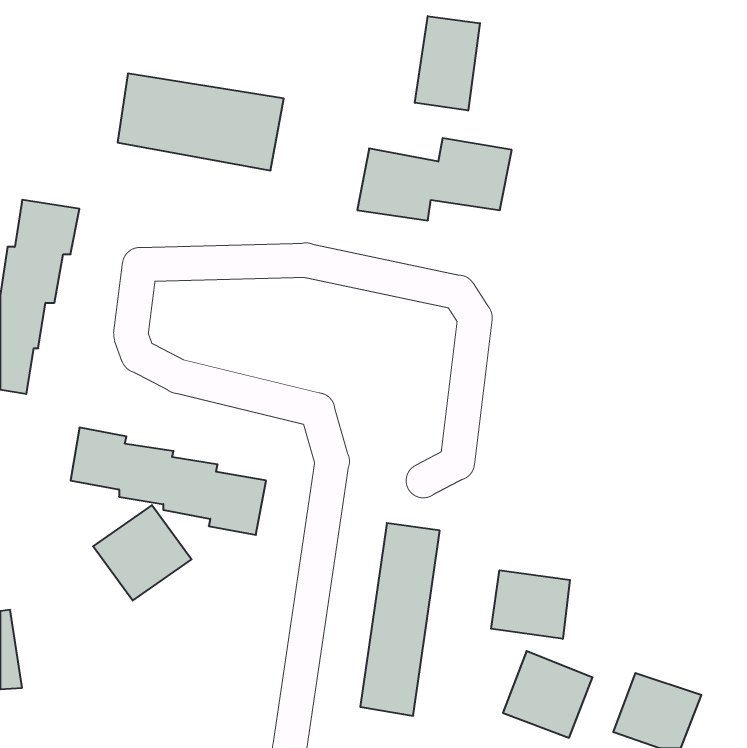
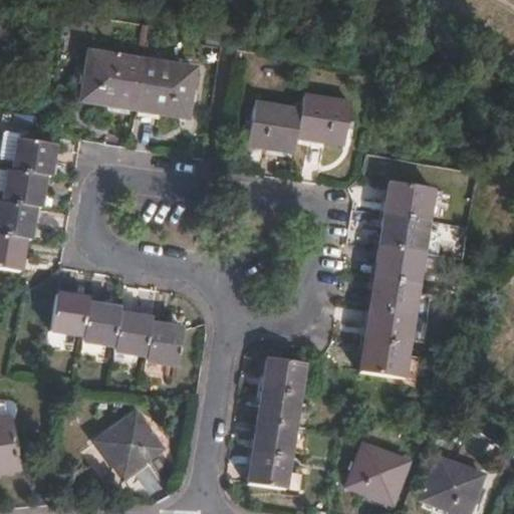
building: [415,16,480,111] -> none
building: none -> [361,182,434,378]
building: [93,505,192,601] -> [95,413,163,478]
building: [491,570,570,639] -> none

